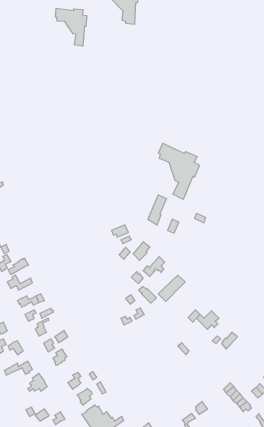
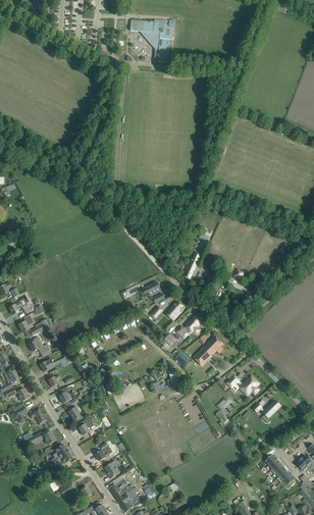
building: [55,8,87,46] -> none
building: [159,143,200,199] -> none

